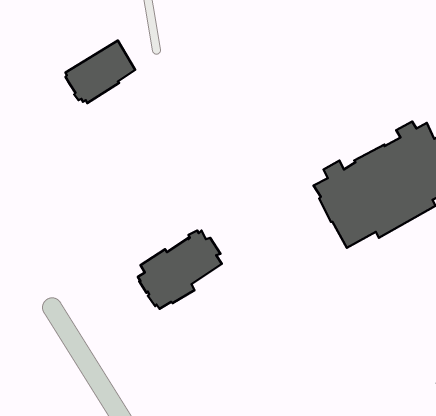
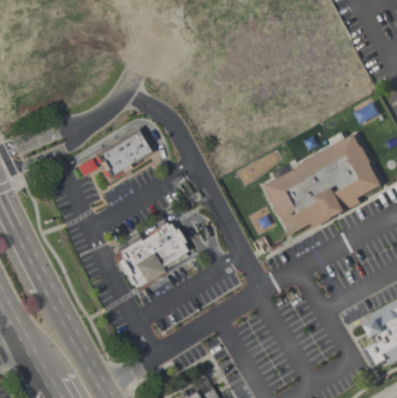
building: [65,41,135,103] -> [94,127,152,179]

